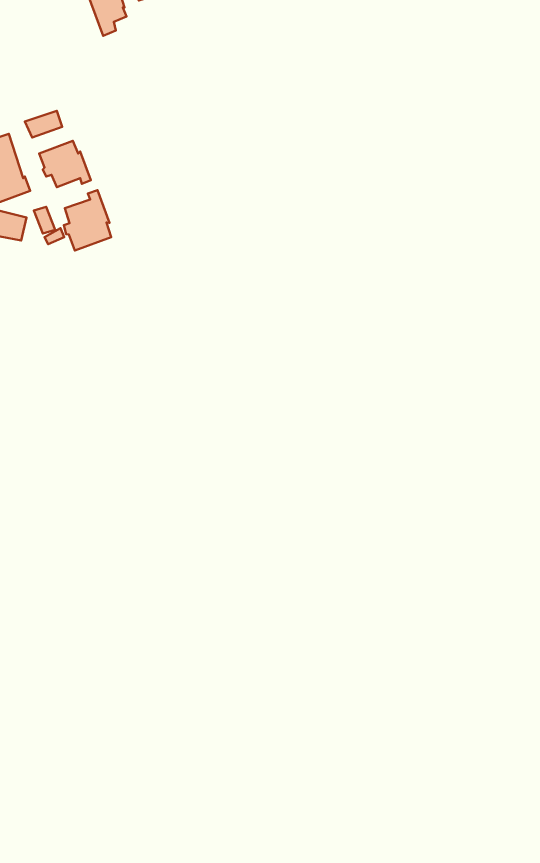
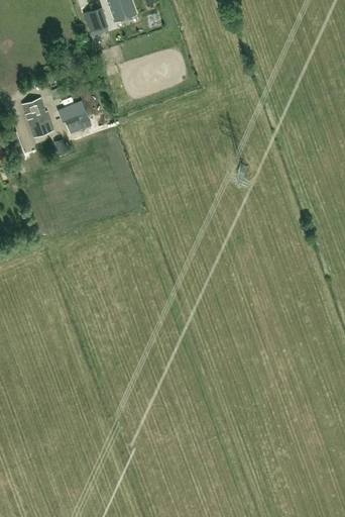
building: [64,190,111,251] -> none

